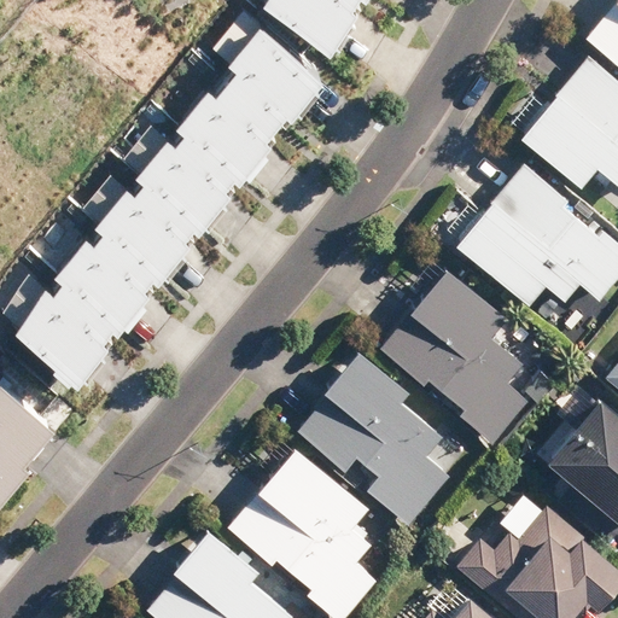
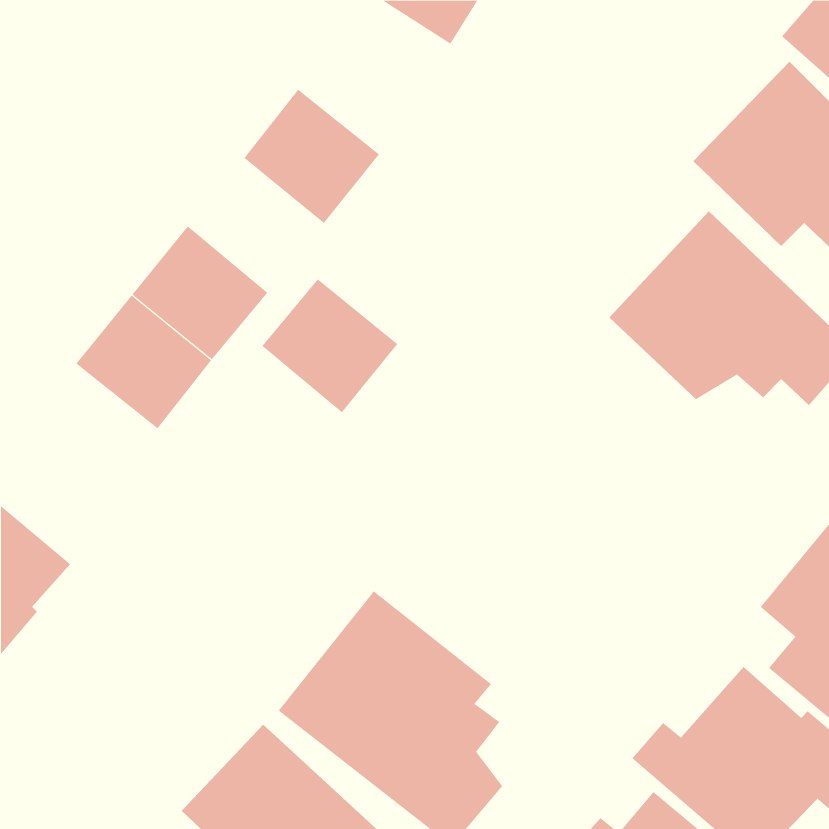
building: [227,24,328,122] -> none
building: [146,124,246,223] -> [262,278,398,413]
building: [371,261,571,457] -> none
building: [23,275,124,373] -> none
building: [295,365,479,543] -> none

